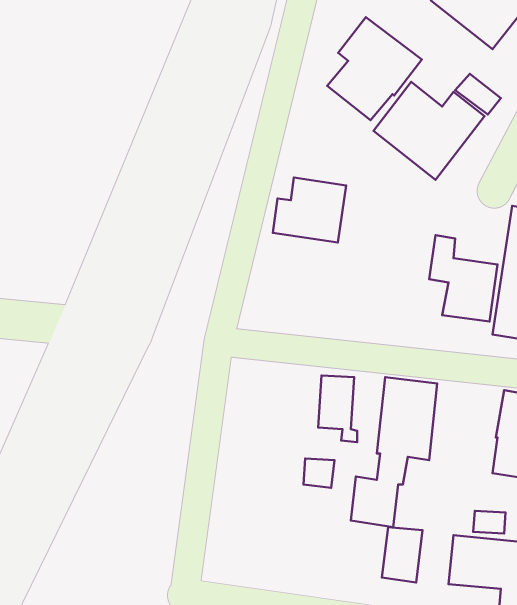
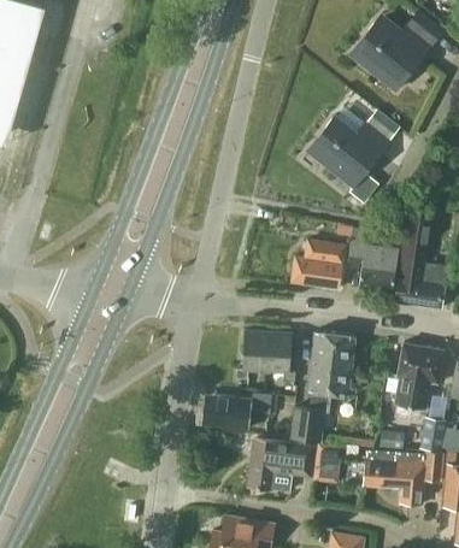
building: [327,17,422,120] -> none
building: [273,177,346,243] -> [292,240,346,288]
building: none -> [237,330,269,378]
building: none -> [202,394,253,429]
building: none -> [248,438,314,491]

